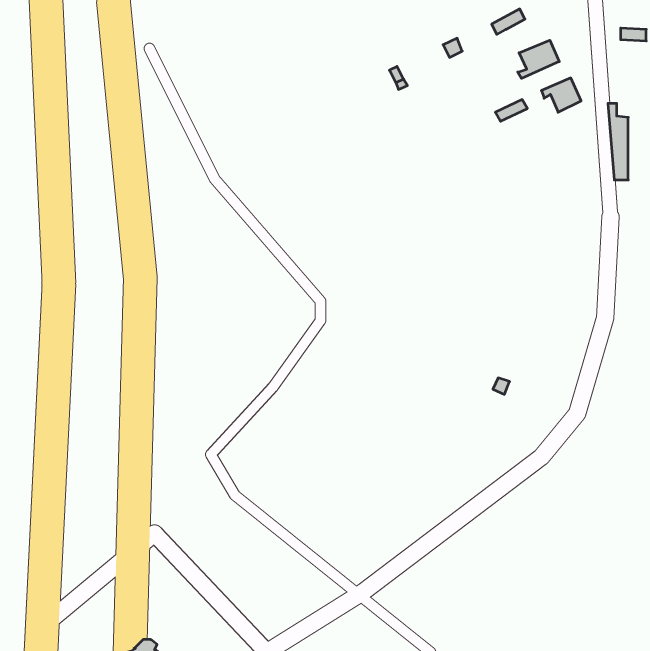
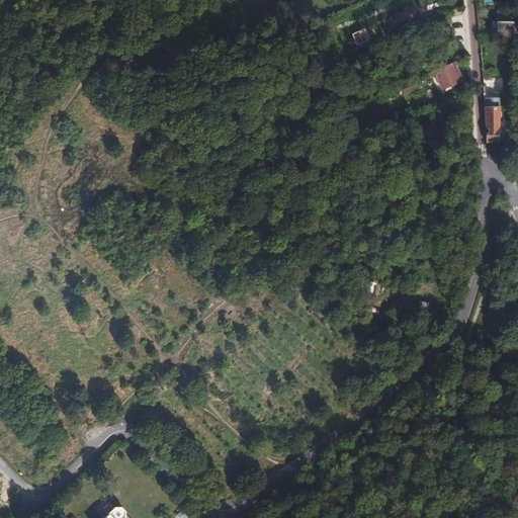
building: [518,40,559,78] -> none

